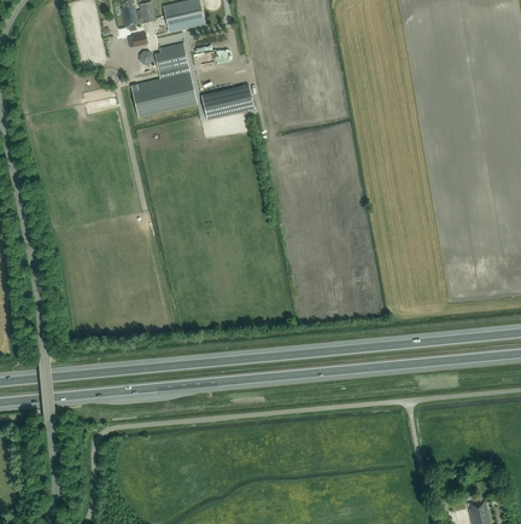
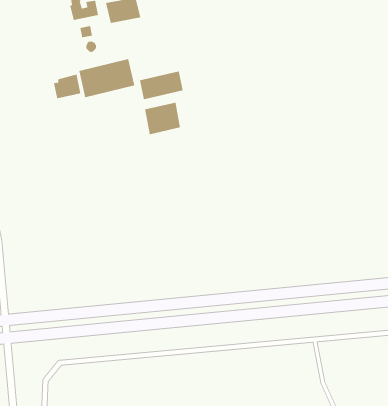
building: [154,41,187,70] -> [53,74,81,99]
building: none -> [144,102,181,135]

